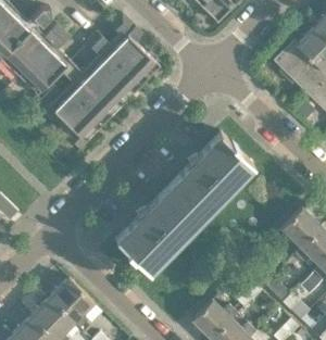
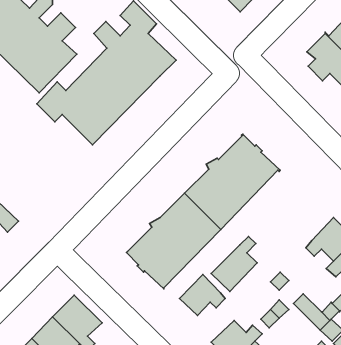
building: none -> [211,236,257,291]
building: none -> [180,274,225,316]

